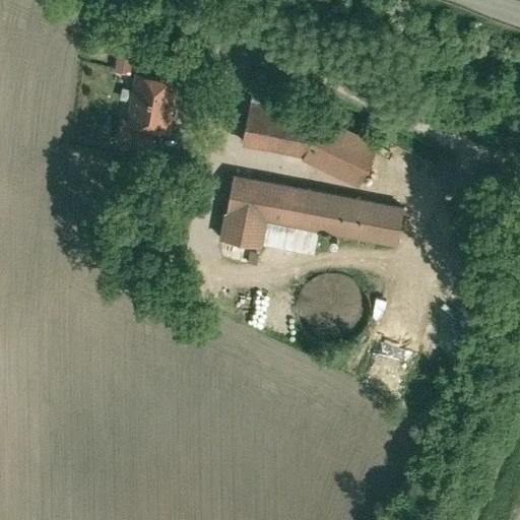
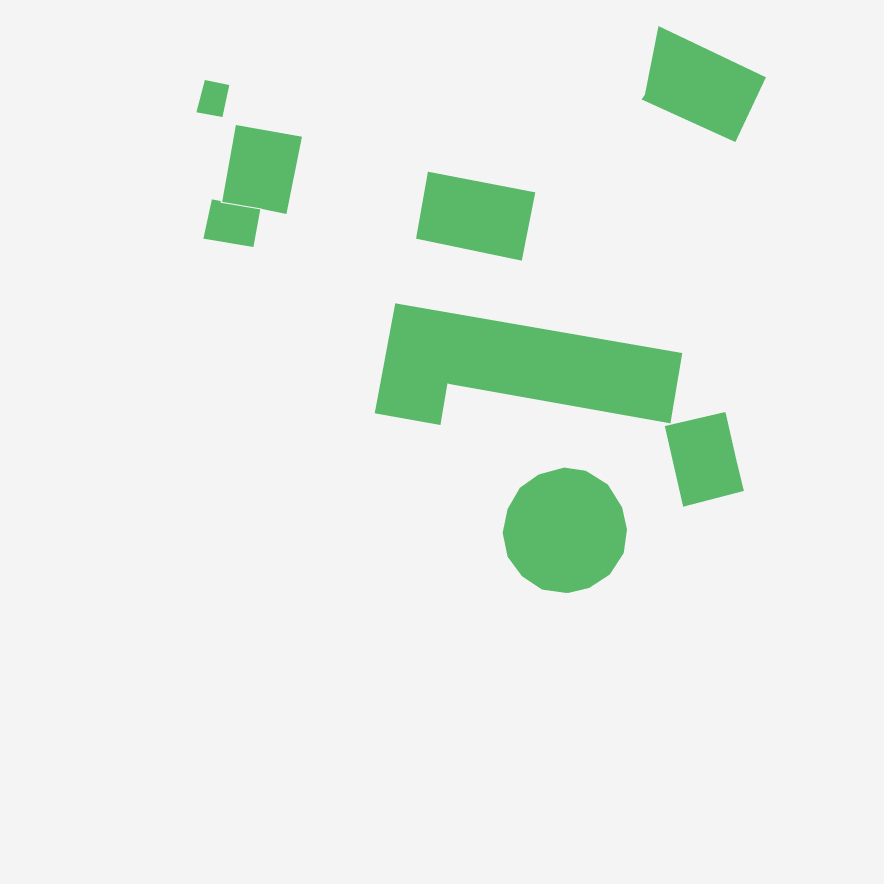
building: [305,113,379,182] -> [641,25,767,143]
building: none -> [664,412,745,508]

